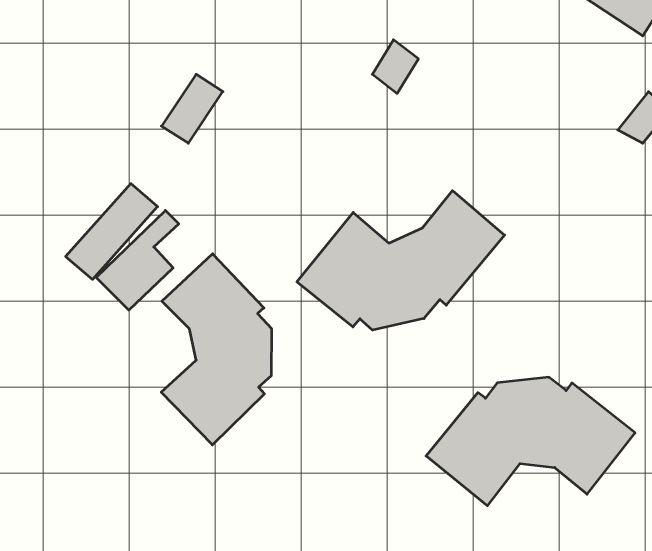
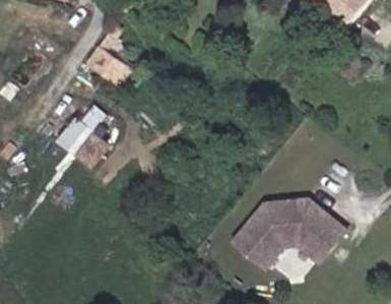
building: [297,191,505,330] -> none
building: [161,254,271,445] -> none

